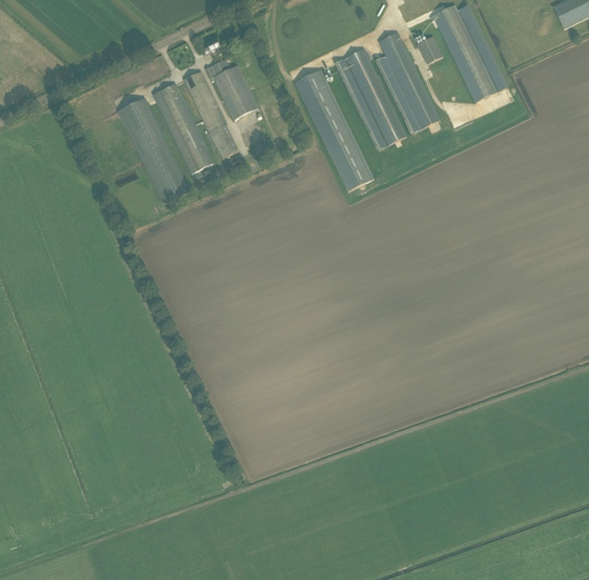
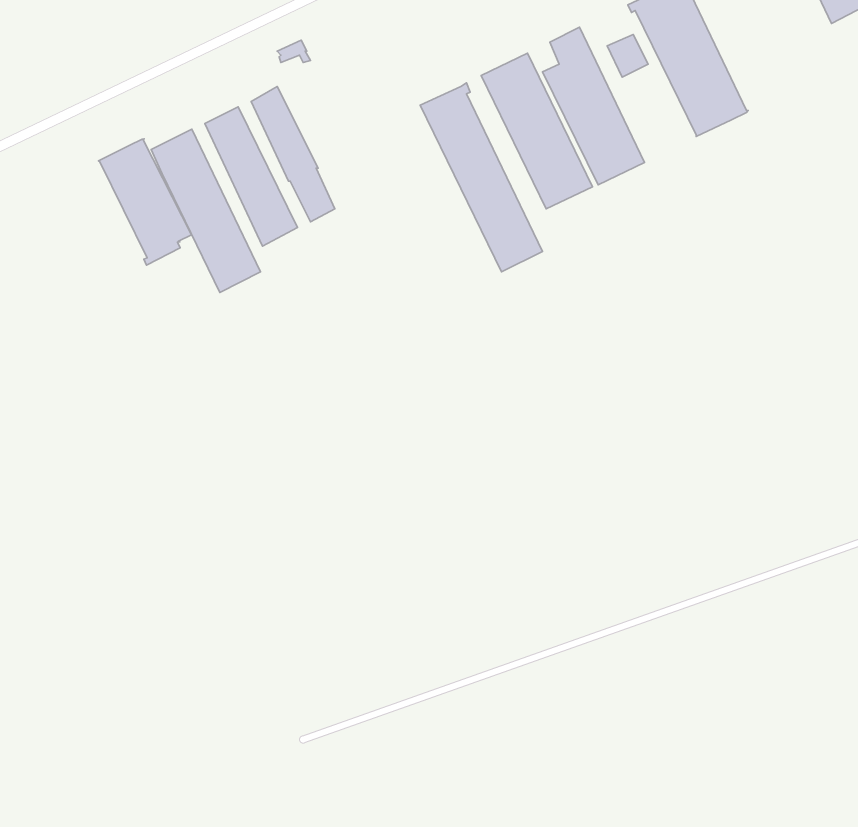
building: [204,58,258,119] -> none
building: none -> [99,139,192,265]

